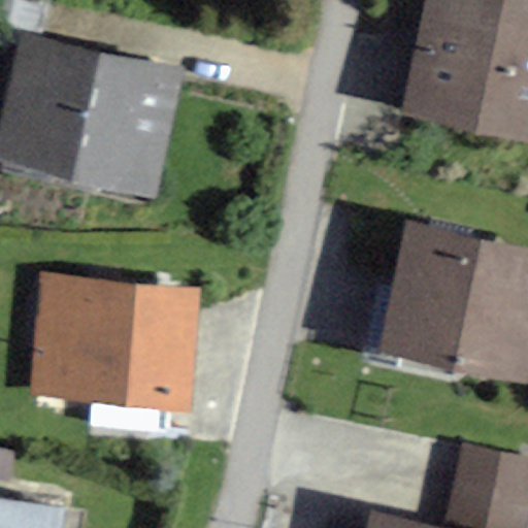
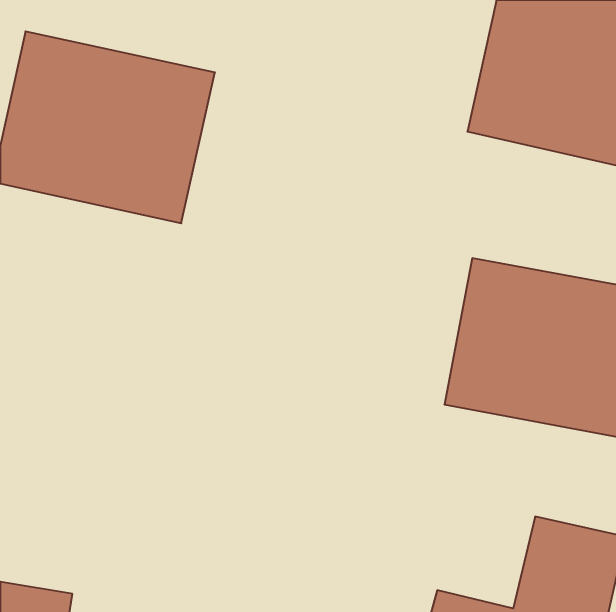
building: [30,278,201,410] -> none

